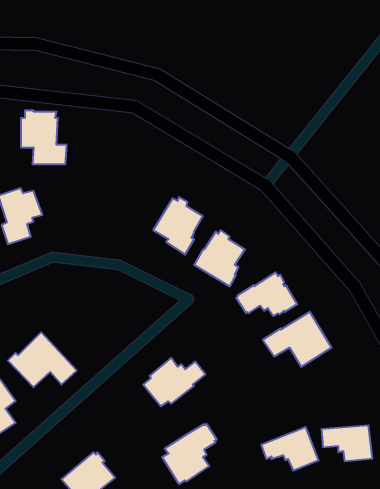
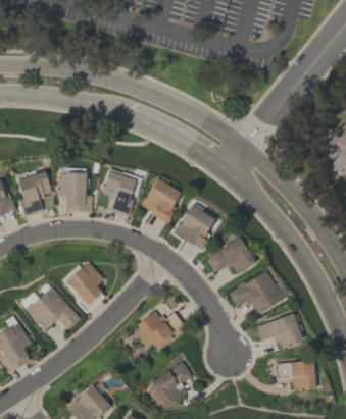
building: [21,110,67,164] -> [56,169,93,212]
building: none -> [101,170,142,217]
building: none -> [63,264,104,312]
building: [261,427,319,470] -> [257,314,303,349]

